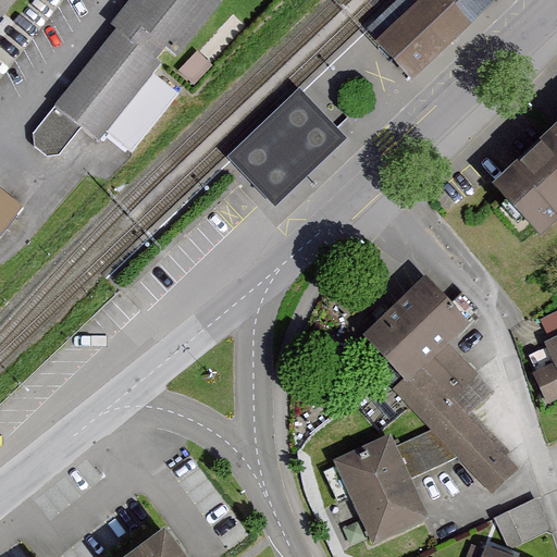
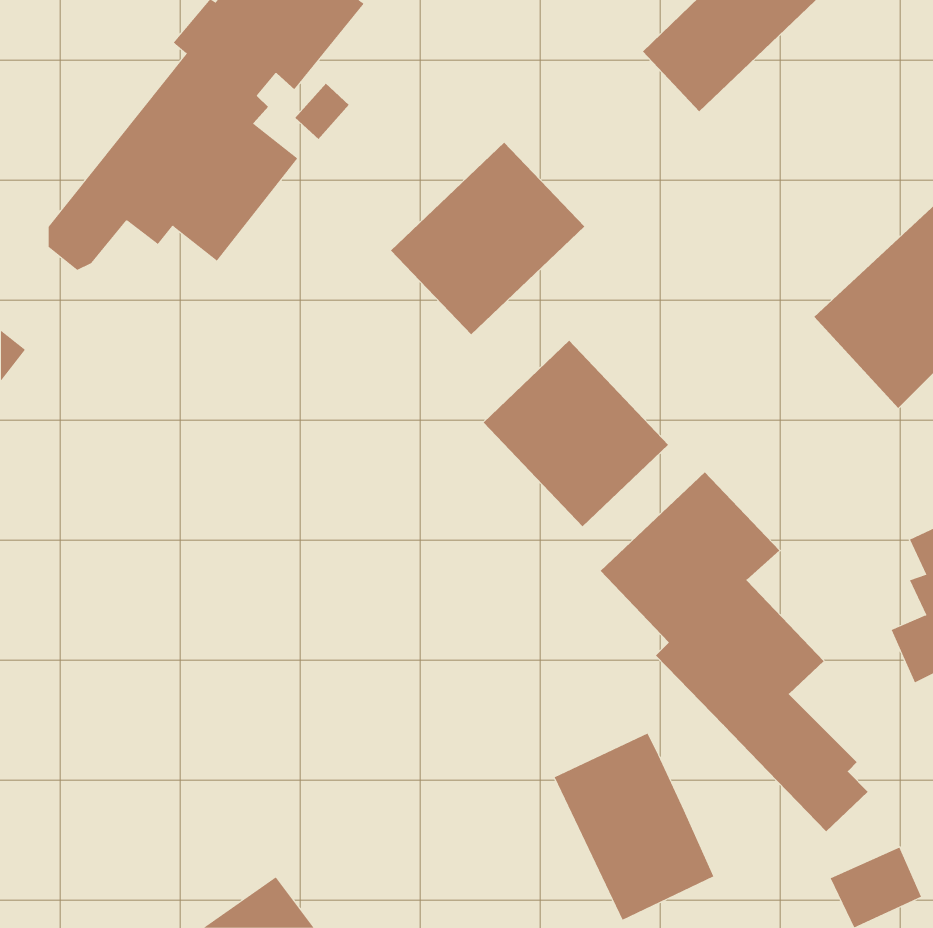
building: none -> [483,340,669,527]
building: [394,429,458,479] -> none

